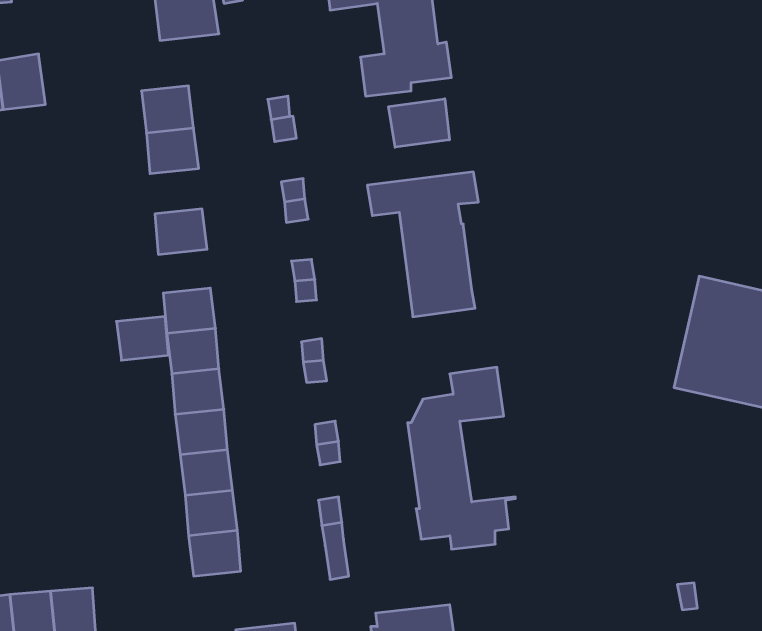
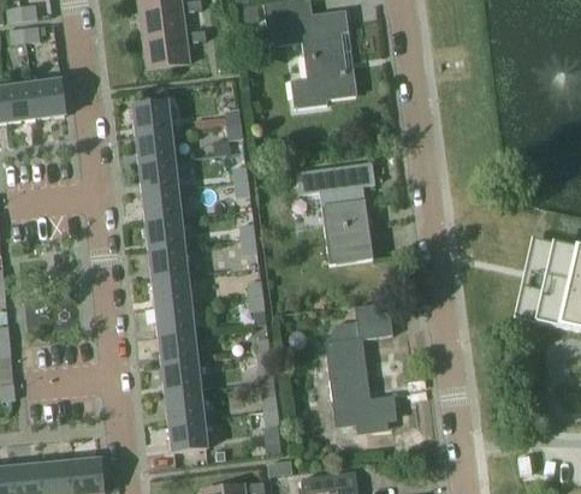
building: [389,99,449,147] -> none
building: none -> [141,160,178,192]
building: [116,316,169,360] -> [147,218,184,249]

